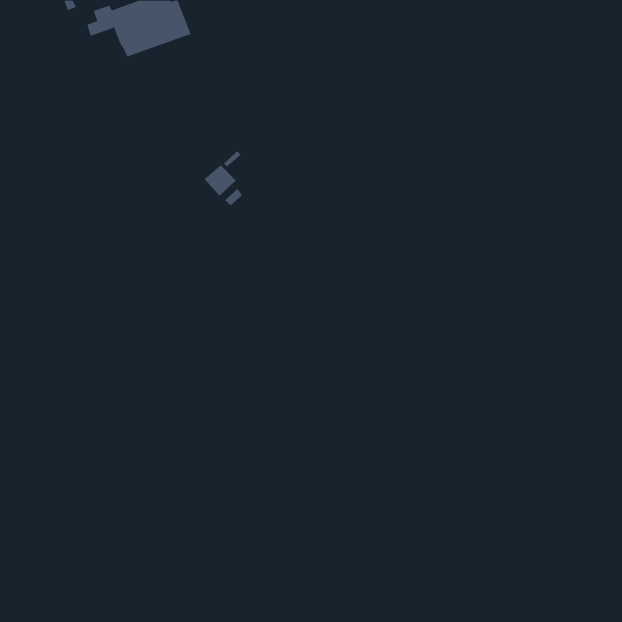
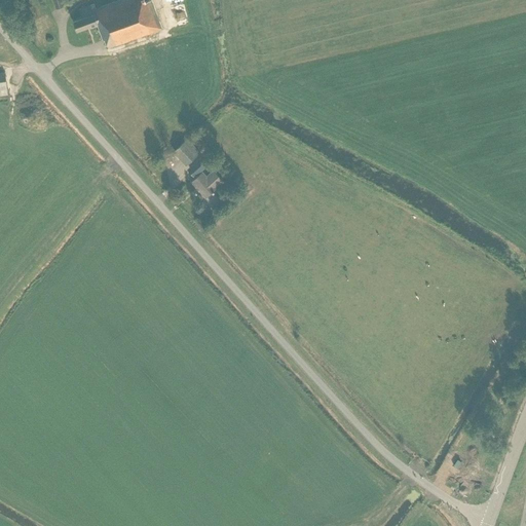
building: none -> [190,171,222,198]

